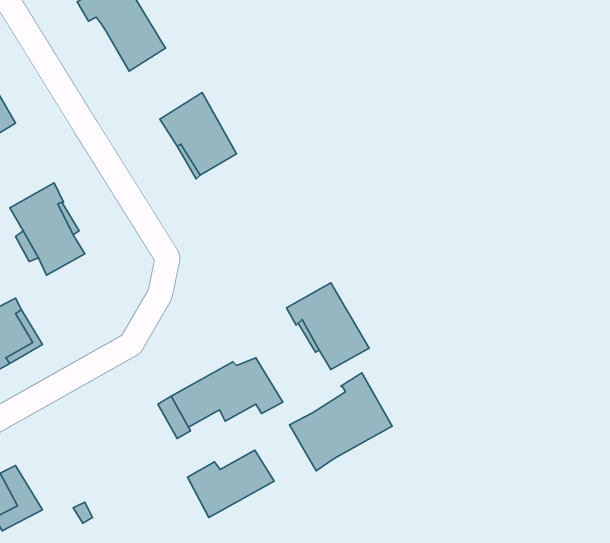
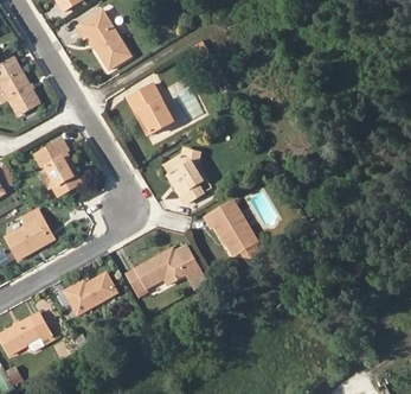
building: none -> [166,148,204,202]
building: [290,373,392,471] -> none
building: [188,450,274,518] -> [63,273,116,314]

